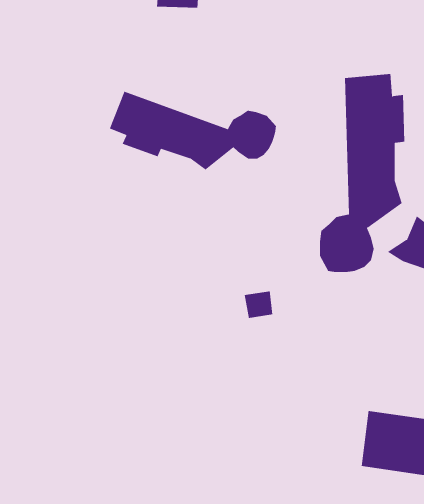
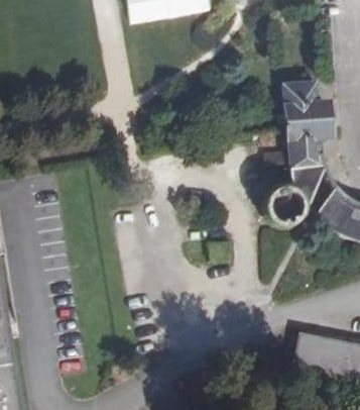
building: [109,91,277,170] -> none

